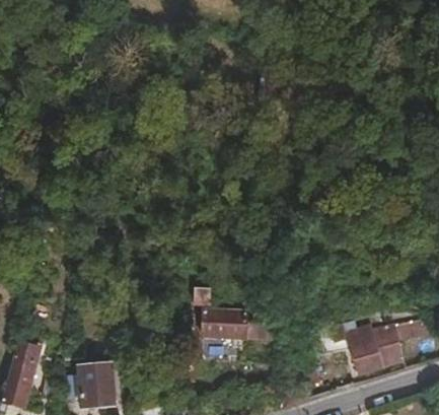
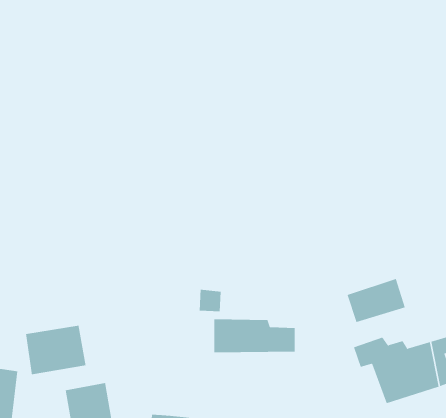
building: none -> [347,278,406,323]
building: none -> [26,325,86,375]

